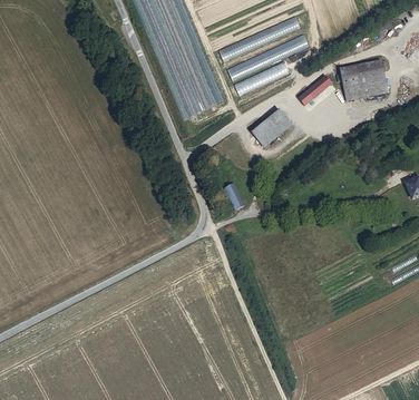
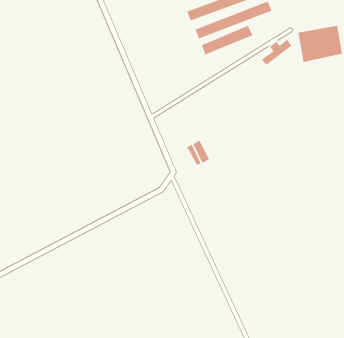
building: [249,108,289,142] -> none

